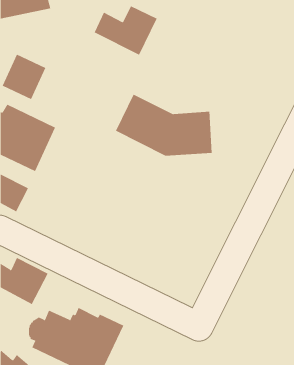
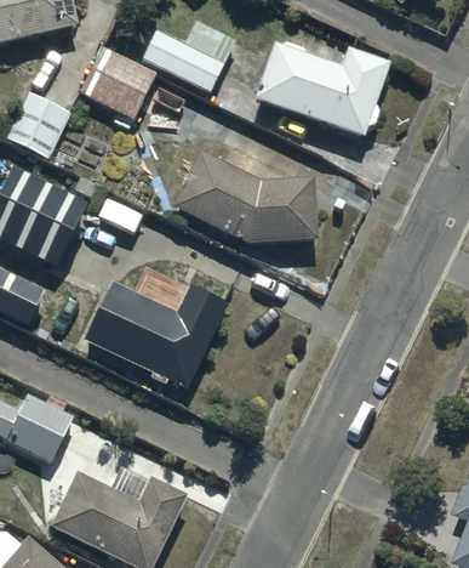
building: none -> [252,34,389,137]
building: none -> [79,47,156,120]
building: none -> [82,280,227,391]

